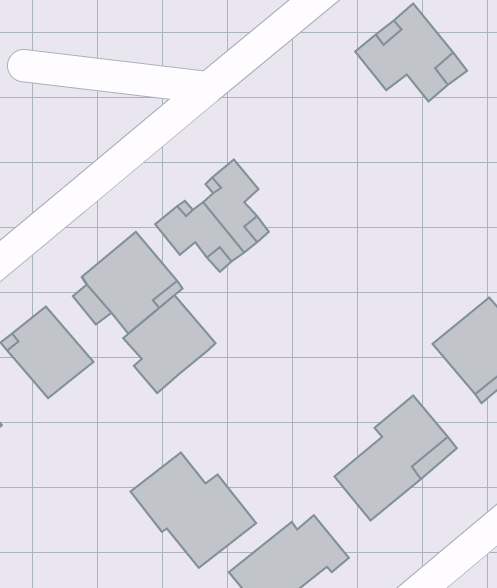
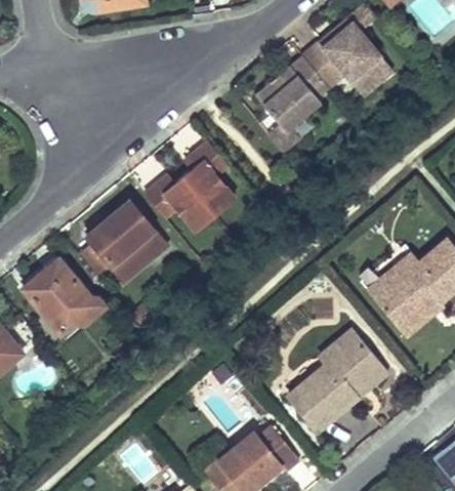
building: none -> [256,56,329,153]
building: [123,295,215,393] -> none
building: [131,453,256,568] -> none

